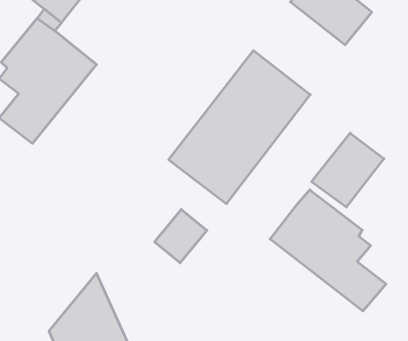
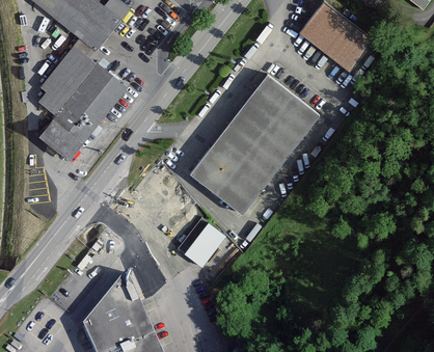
building: [312,133,384,207] -> none
building: [270,190,386,311] -> none

